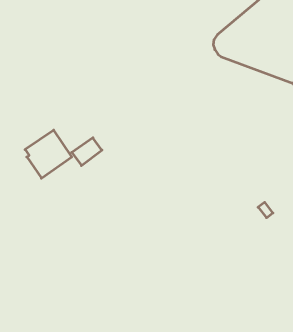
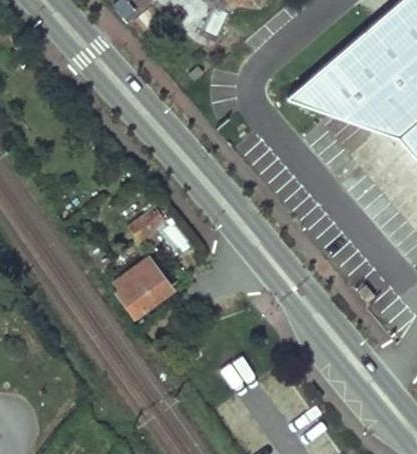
building: [25,130,72,178] -> [114,258,171,317]

